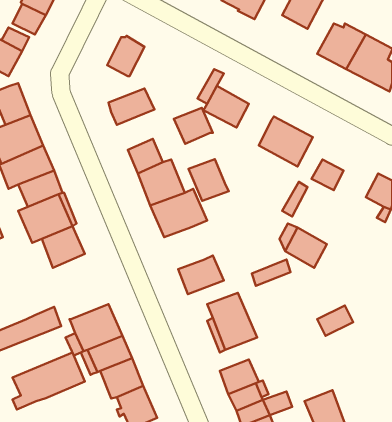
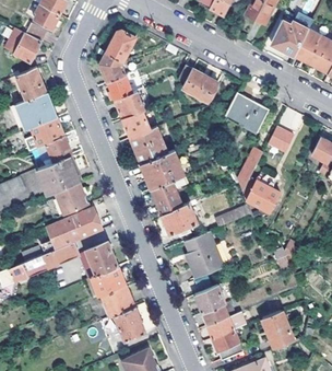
building: none -> [99,54,135,83]
building: [174,108,213,144] -> [114,92,144,120]
building: [188,159,229,201] -> [151,182,182,215]
building: [13,352,85,409] -> [46,206,103,251]

